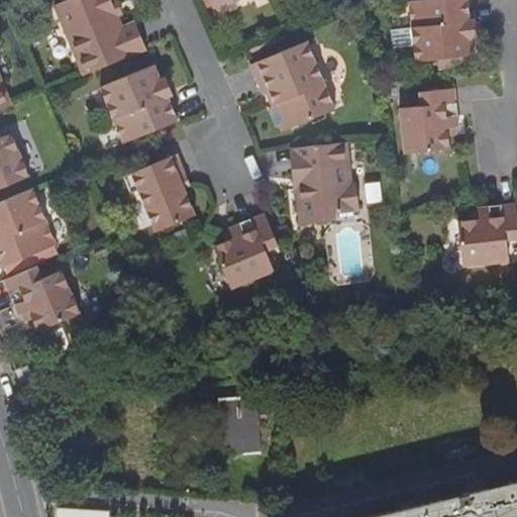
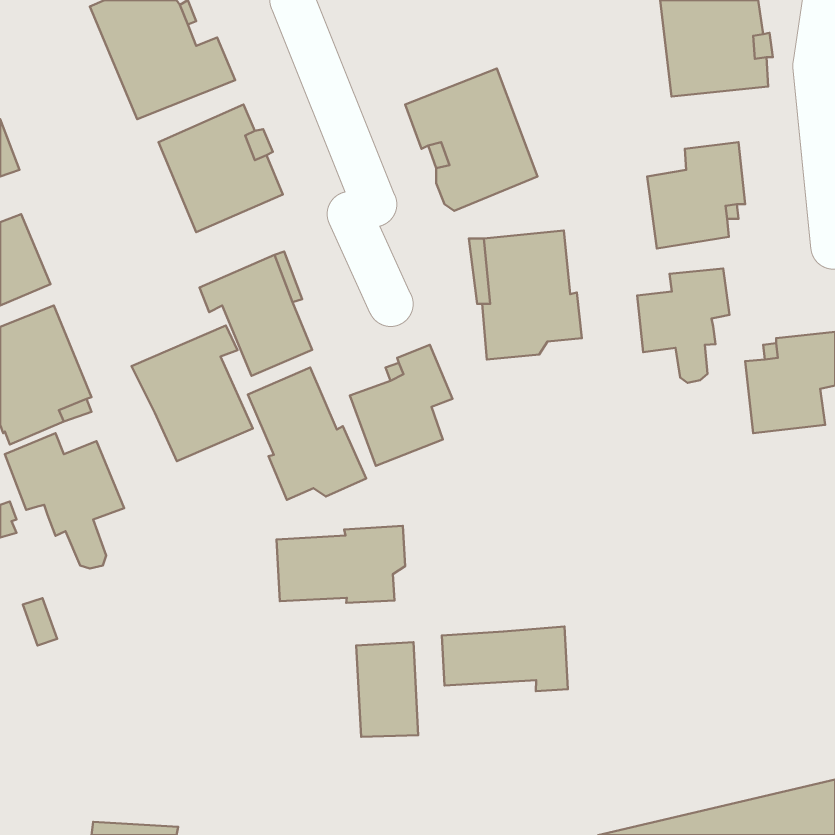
building: none -> [637,269,730,383]
building: none -> [132,325,253,461]
building: none -> [248,368,366,500]
building: none -> [276,526,405,603]
building: none -> [442,627,568,691]

